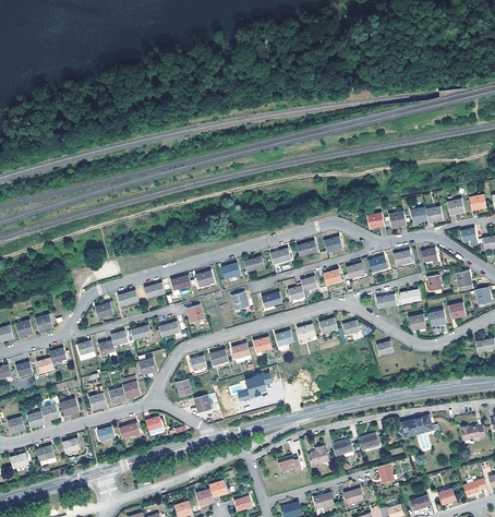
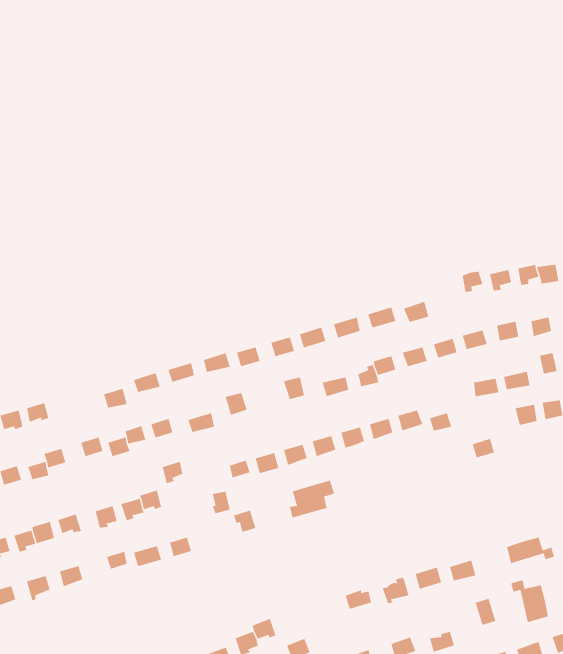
building: none -> [511,580,549,623]

